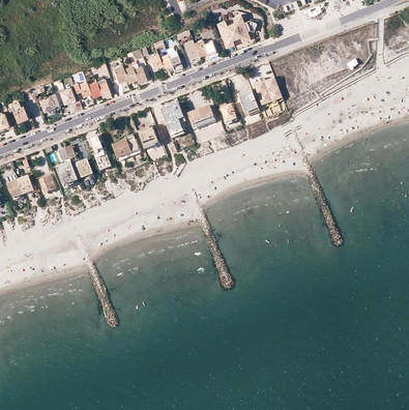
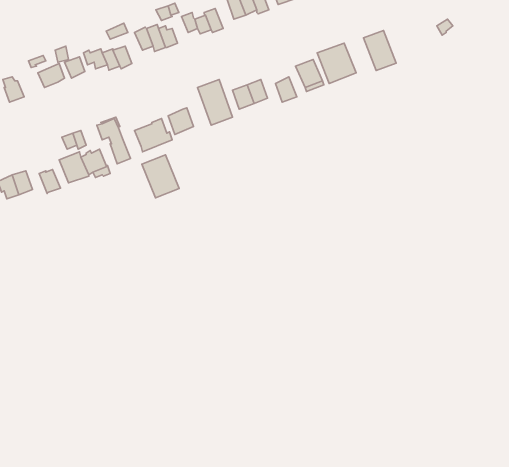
building: none -> [363,30,396,71]
building: none -> [142,155,179,198]

